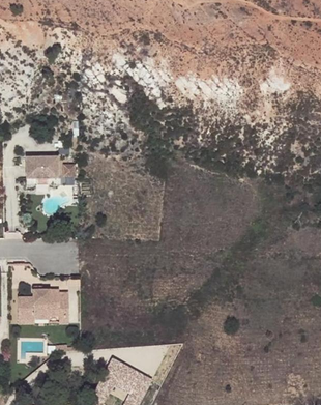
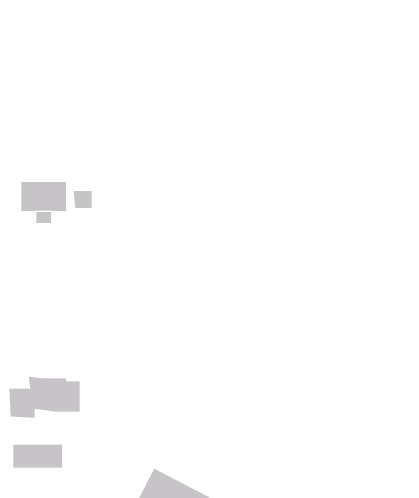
building: none -> [13,444,62,469]

